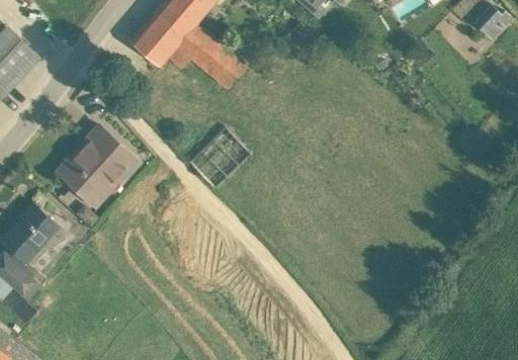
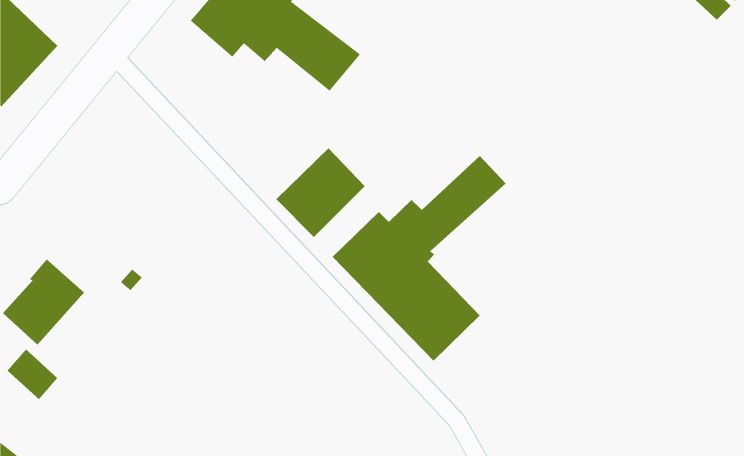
building: [58,126,137,207] -> none
building: none -> [332,155,506,361]

